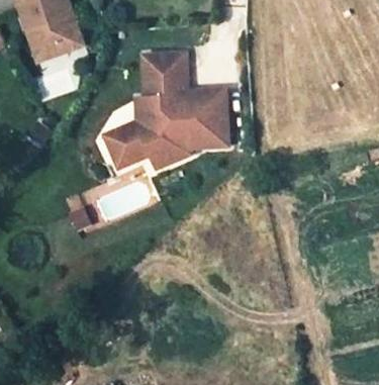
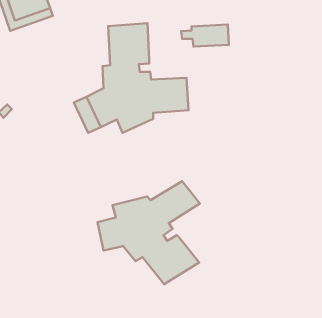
building: [174,90,224,113] -> [181,25,229,47]
building: none -> [97,181,200,284]

